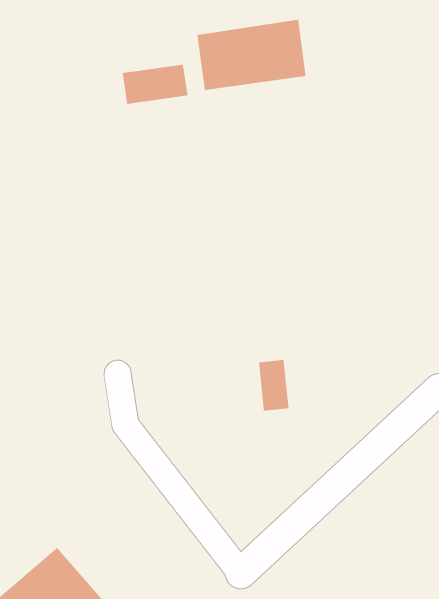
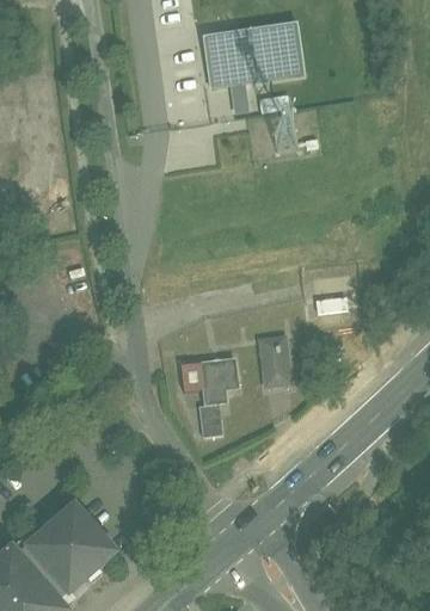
building: [122,64,188,105] -> none
building: none -> [180,357,236,430]

